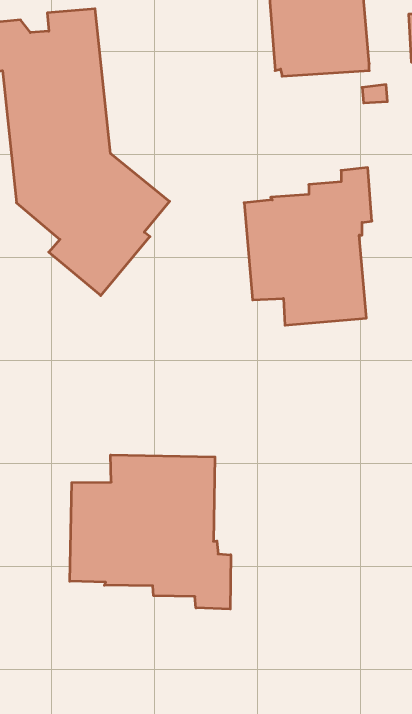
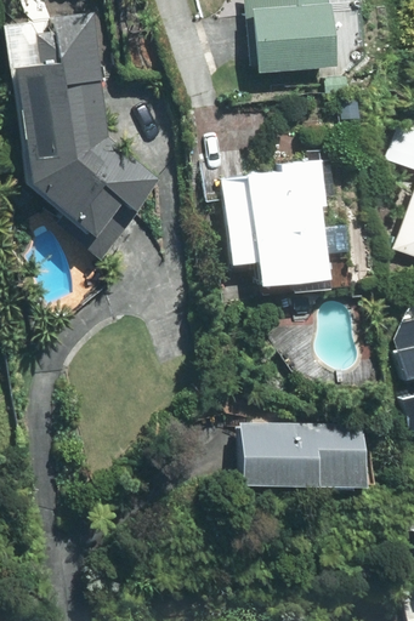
building: [70,455,231,609] -> none
building: none -> [238,423,365,488]

